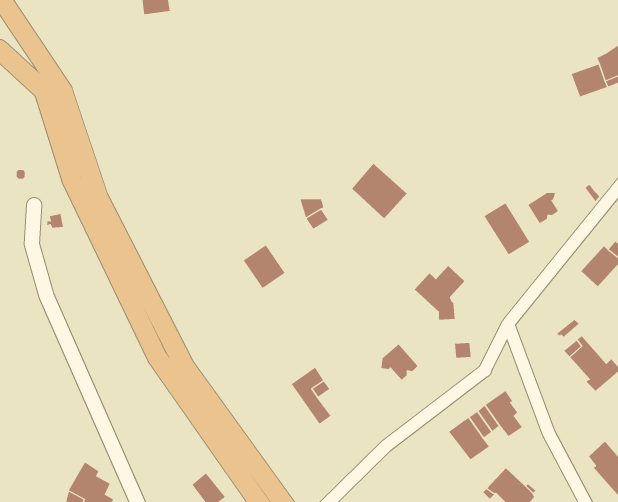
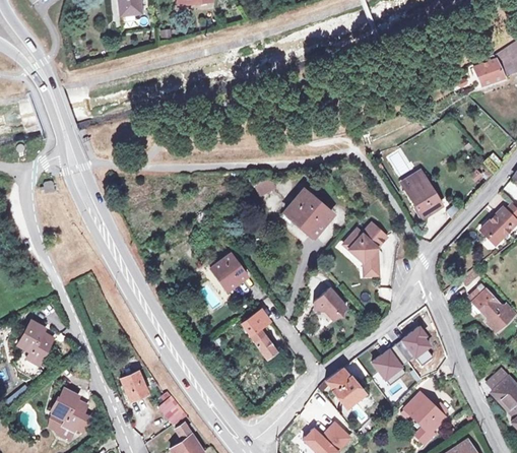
building: [351,163,408,219] -> [284,190,331,237]
building: [528,192,559,224] -> none
building: [243,245,286,289] -> [210,254,246,290]
building: none -> [23,318,59,363]
building: none -> [319,368,360,403]
building: none -> [124,371,149,400]

